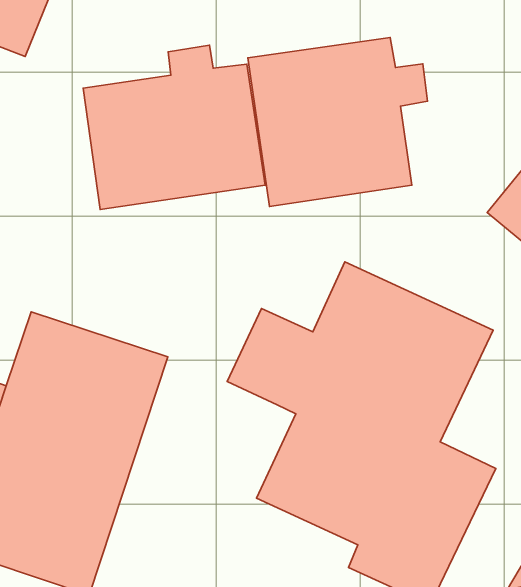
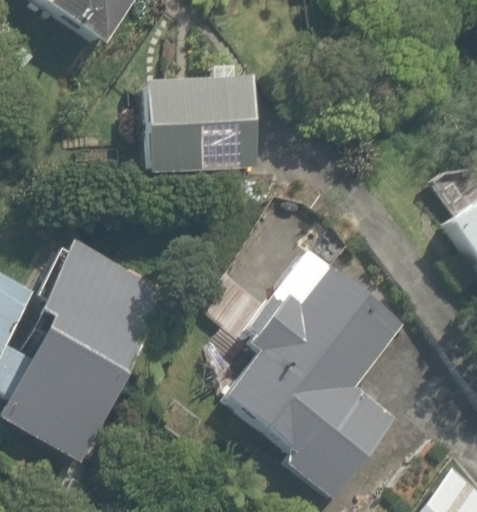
building: [248,37,428,207] -> none

